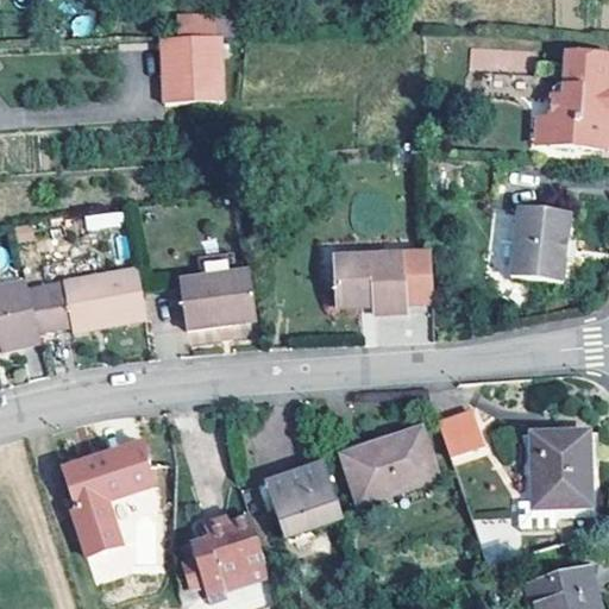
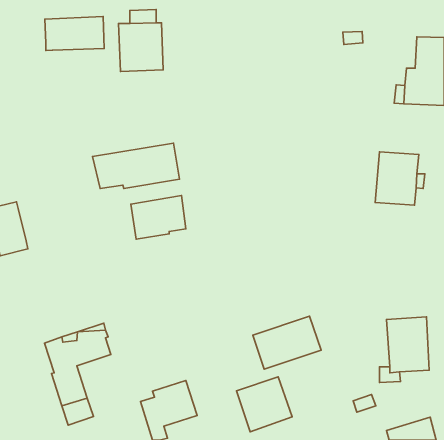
building: none -> [45,17,104,51]
building: [334,249,431,310] -> none
building: [25,266,144,328] -> [92,143,180,189]
building: [441,415,482,460] -> none
building: [266,463,343,538] -> [236,377,292,432]

